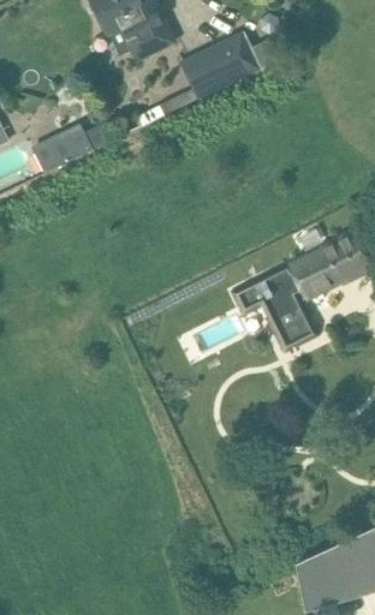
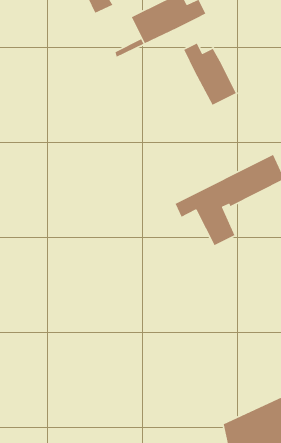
building: none -> [183,42,237,106]
building: [31,124,93,173] -> none

